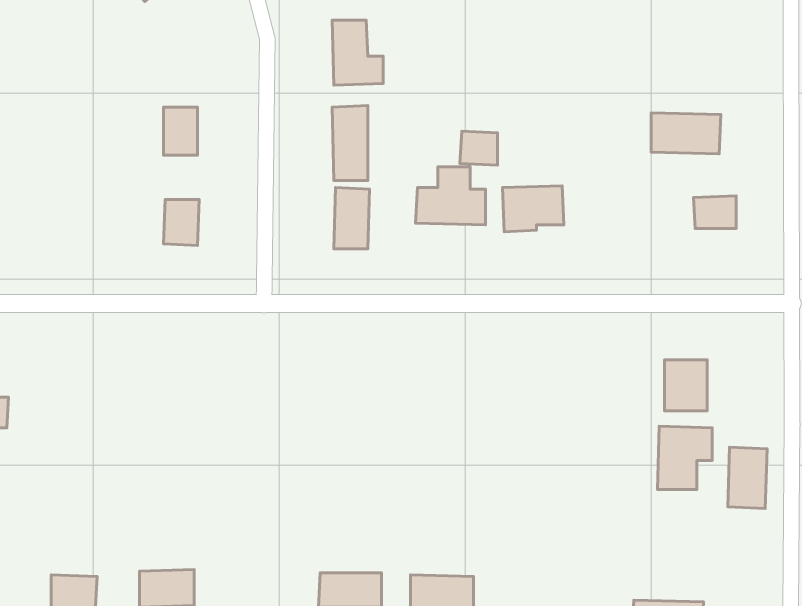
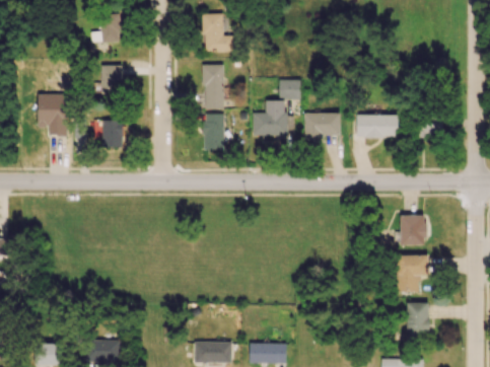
building: none -> [91,13,122,43]
building: [651,113,721,154] -> [357,114,399,138]
building: none -> [39,93,68,135]
building: [728,447,767,509] -> [407,302,430,339]

